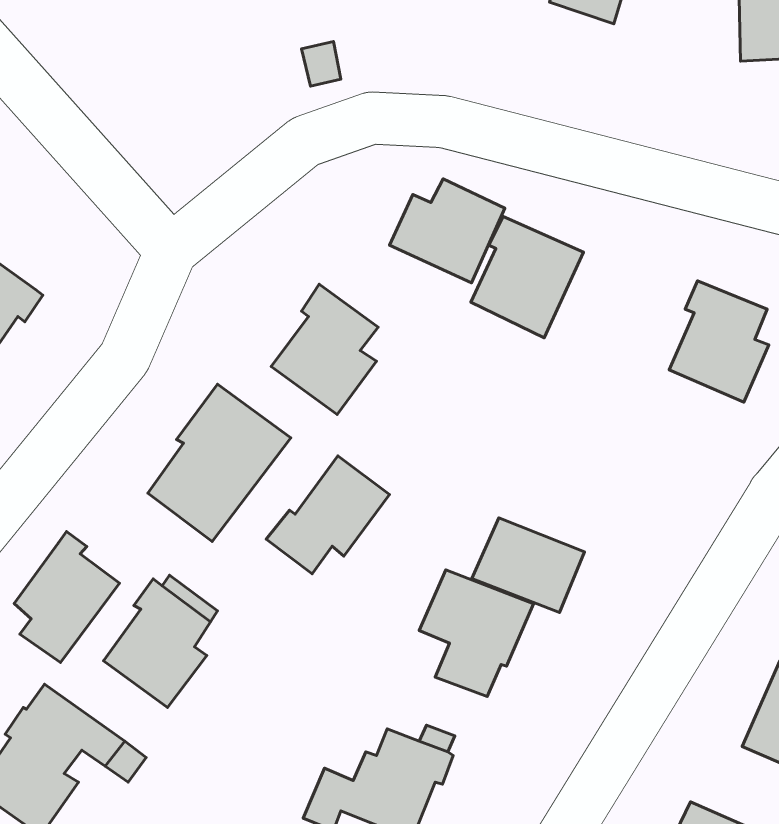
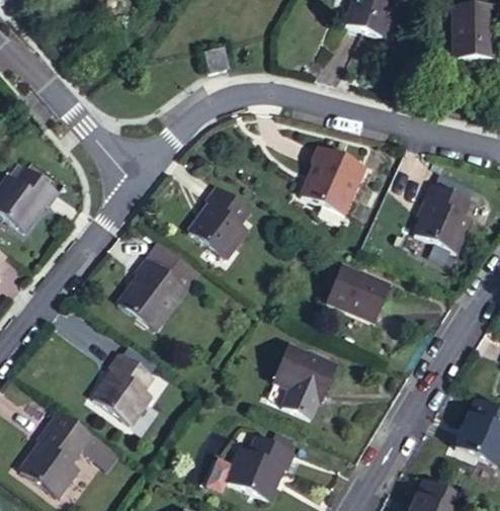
building: [389,179,505,283] -> none
building: [266,456,390,574] -> none
building: [472,518,584,612] -> [326,266,390,320]
building: [14,531,119,663] -> none

